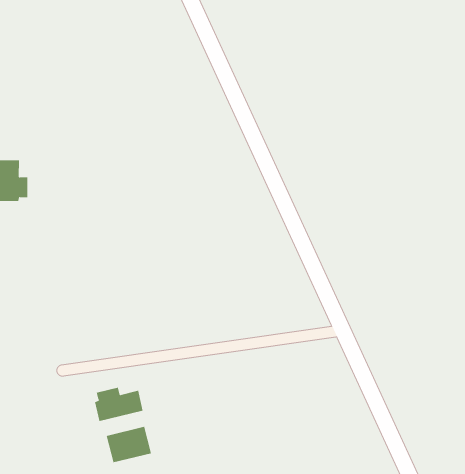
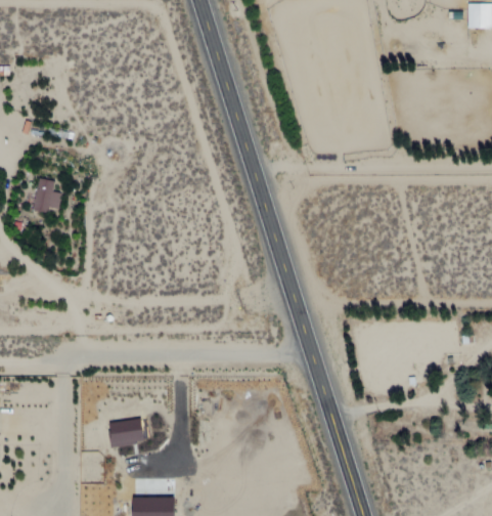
building: [94,387,143,422] -> none

